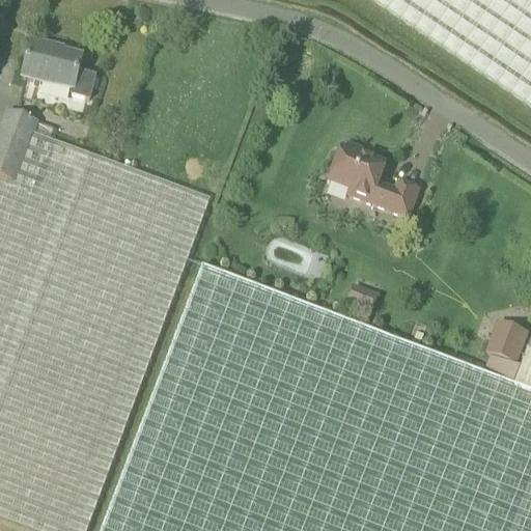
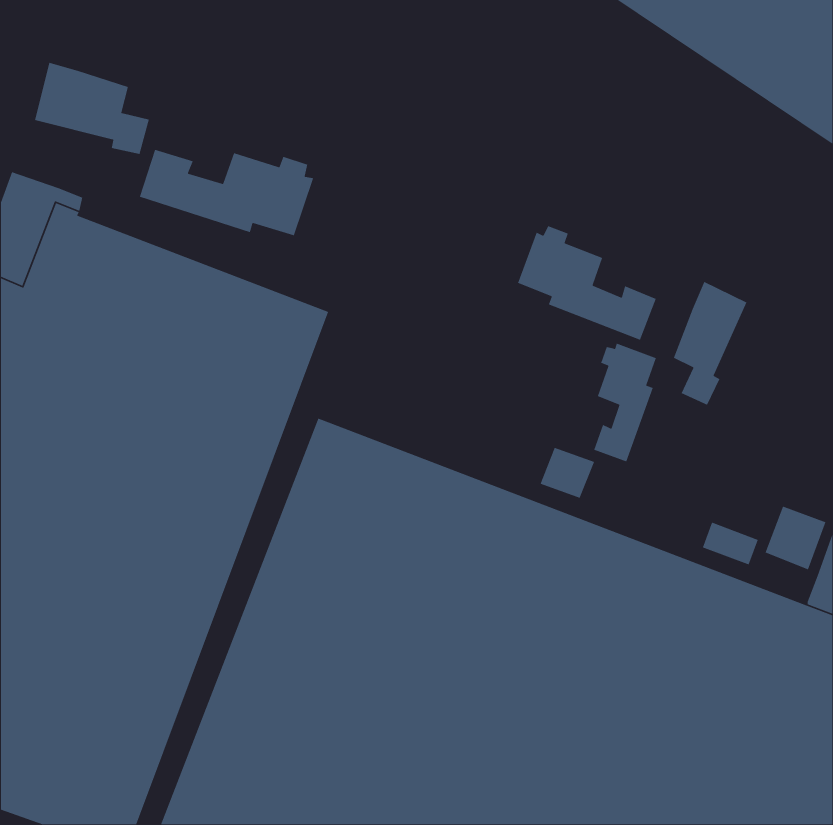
building: none -> [139,149,314,237]
building: none -> [673,281,748,406]
building: none -> [593,343,657,462]
building: [483,355,520,383] -> [702,522,759,566]

